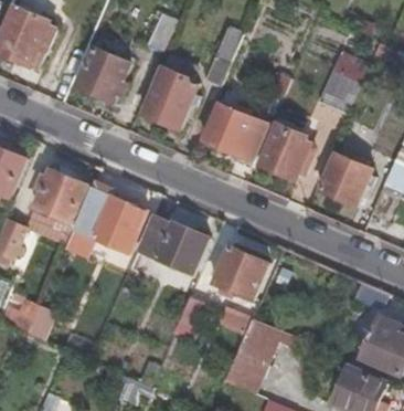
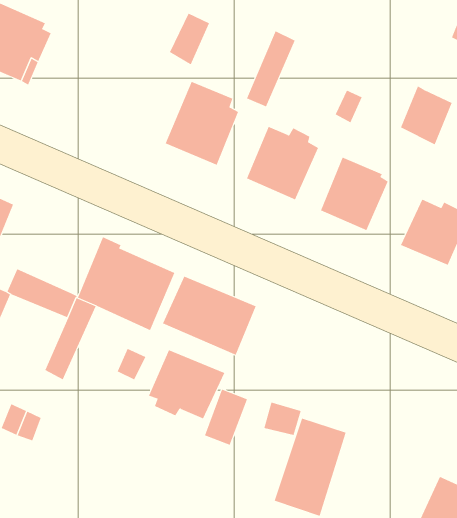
building: [75,44,129,99] -> none
building: [28,167,87,225] -> none
building: [216,245,275,298] -> [148,350,225,419]

